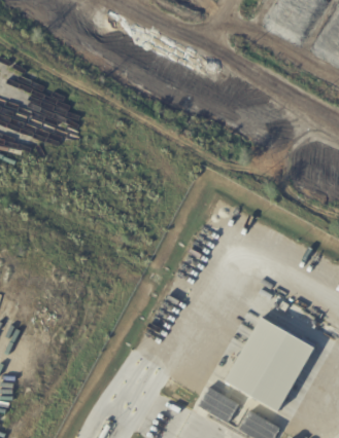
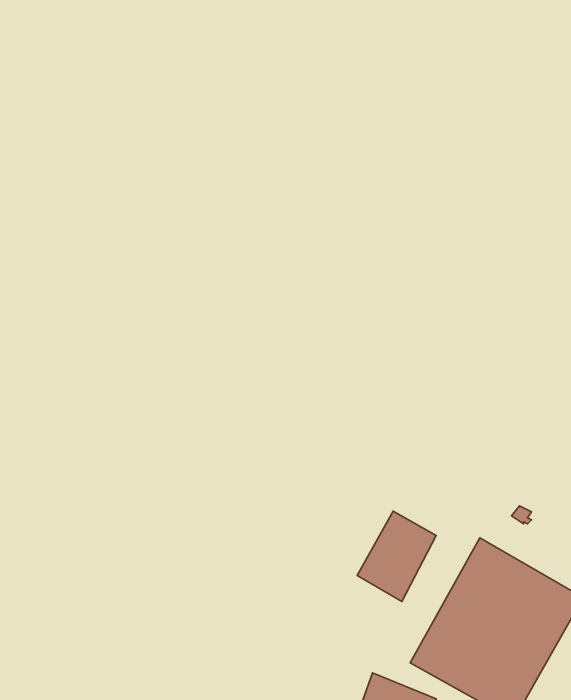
building: none -> [357,511,436,602]

